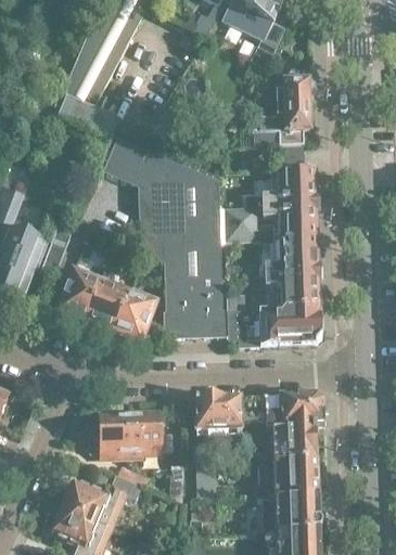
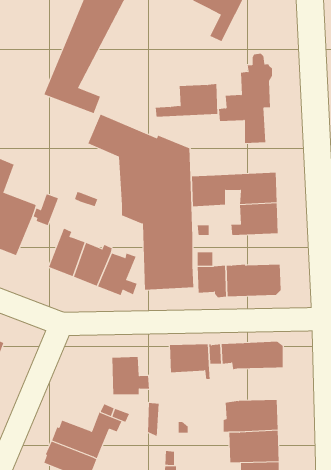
building: [245,168,317,206] -> [155,84,218,117]
building: [253,272,321,308] -> none
building: [89,412,131,455] -> none
building: [272,424,318,461] -> none

